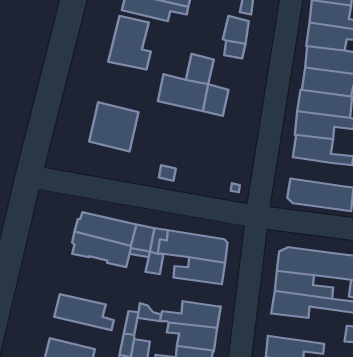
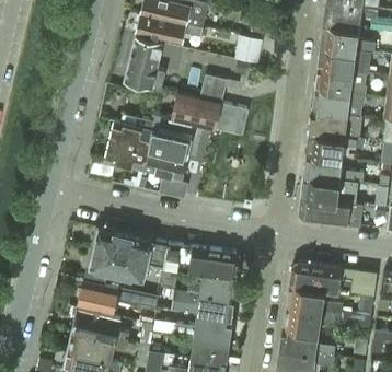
building: none -> [146,131,193,178]
building: none -> [302,175,358,204]
building: none -> [79,280,160,313]
building: none -> [172,291,235,321]
building: none -> [280,327,336,357]
building: none -> [68,330,136,362]

